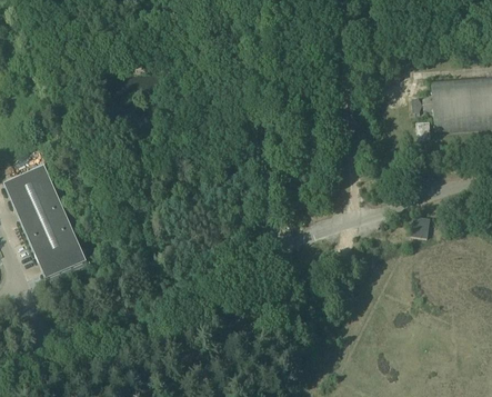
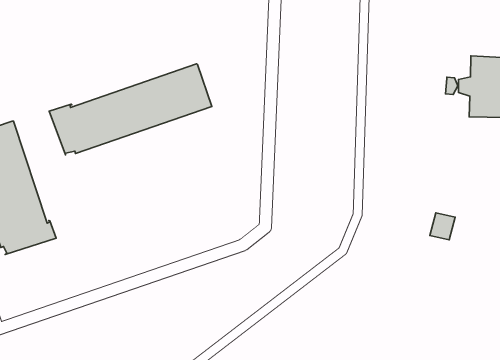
building: none -> [49,64,212,155]

